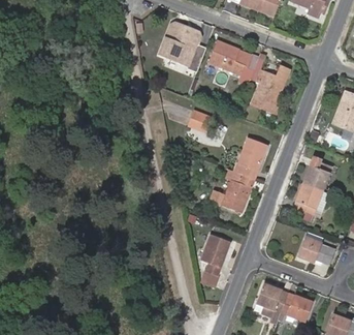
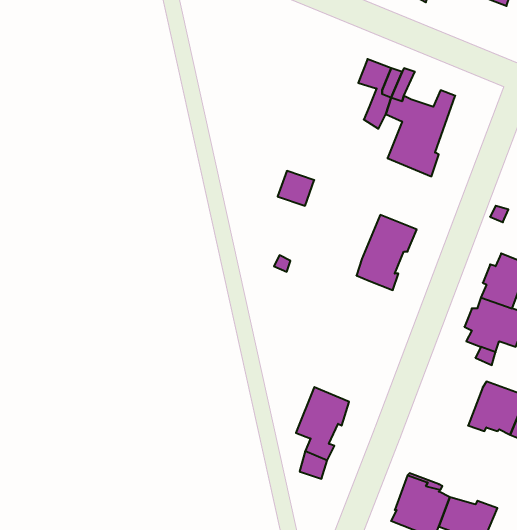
building: [166,23,204,72] -> none
building: [208,40,245,75] -> none
building: [208,169,254,213] -> none

